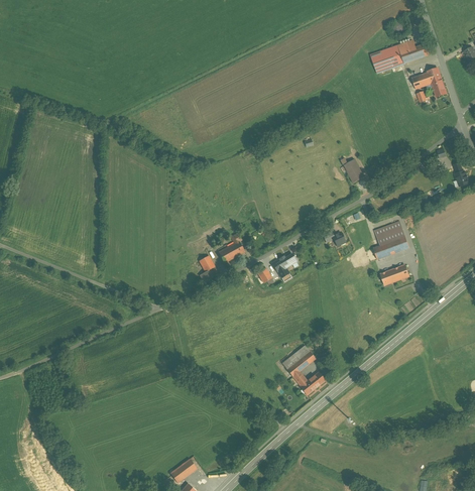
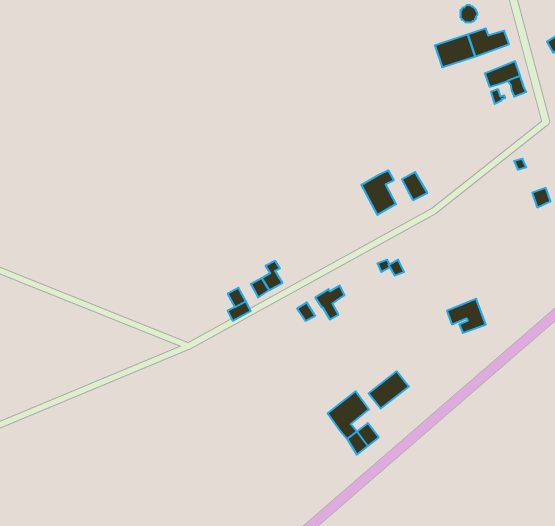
building: none -> [361,170,396,215]
building: [373,221,408,259] -> none
building: none -> [369,371,409,409]

